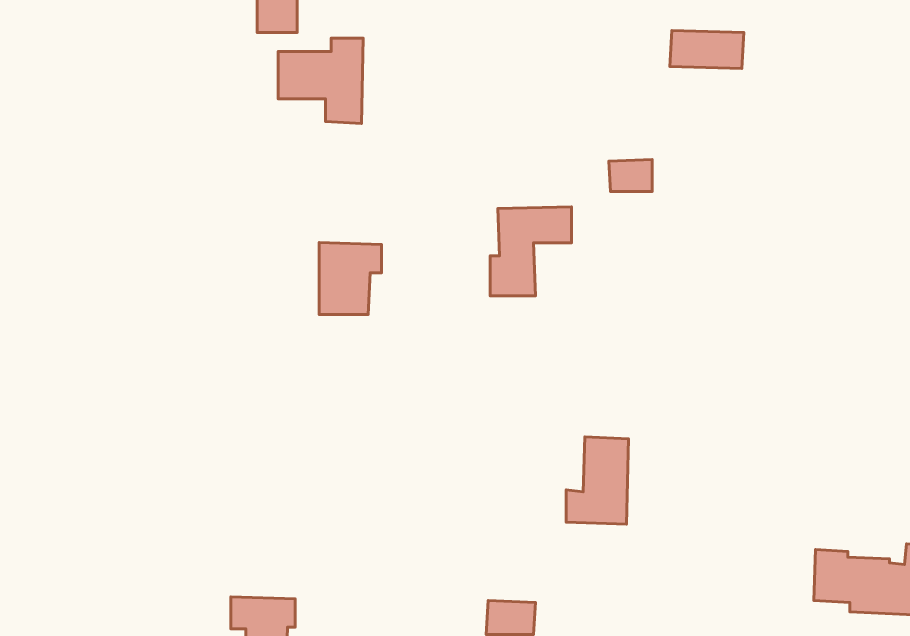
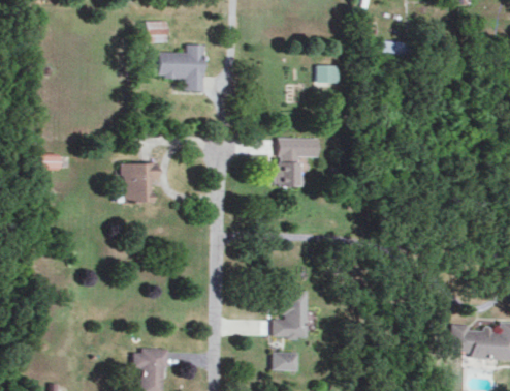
building: [609,159,652,192] -> [316,64,340,82]
building: [319,243,382,315] -> [122,162,156,202]
building: [566,437,629,524] -> [274,290,308,337]

